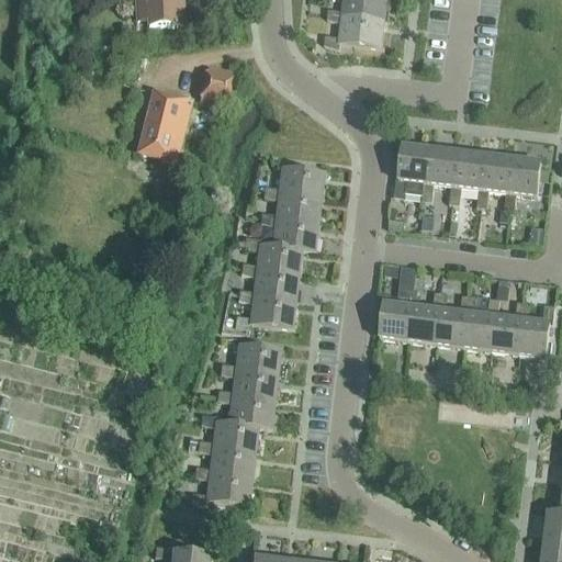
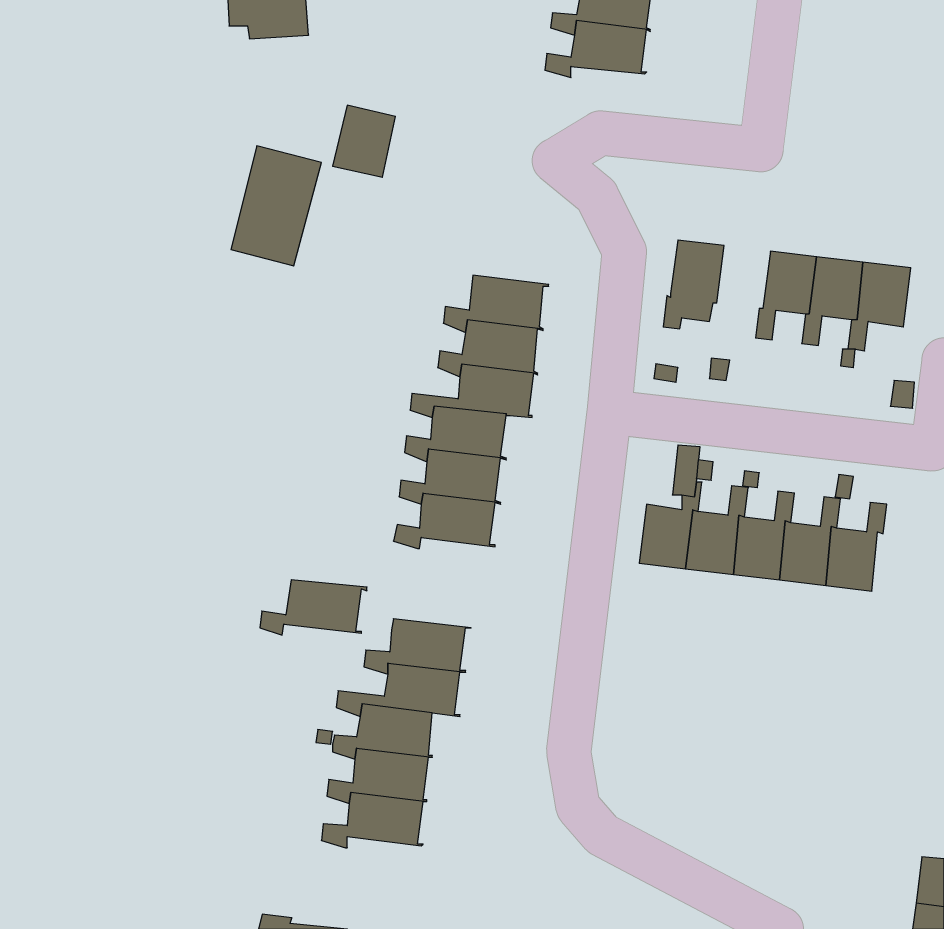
building: [422,146,458,199] -> none
building: [518,302,554,355] -> none
building: [220,341,283,374] -> [260,580,367,635]

